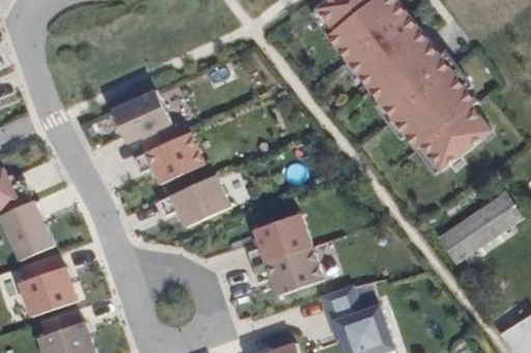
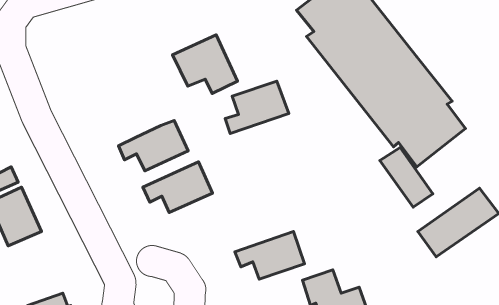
building: [111,87,177,147] -> [173,35,237,93]
building: none -> [380,147,433,207]
building: [248,211,313,265] -> [225,81,289,134]
building: [21,252,79,315] -> none

